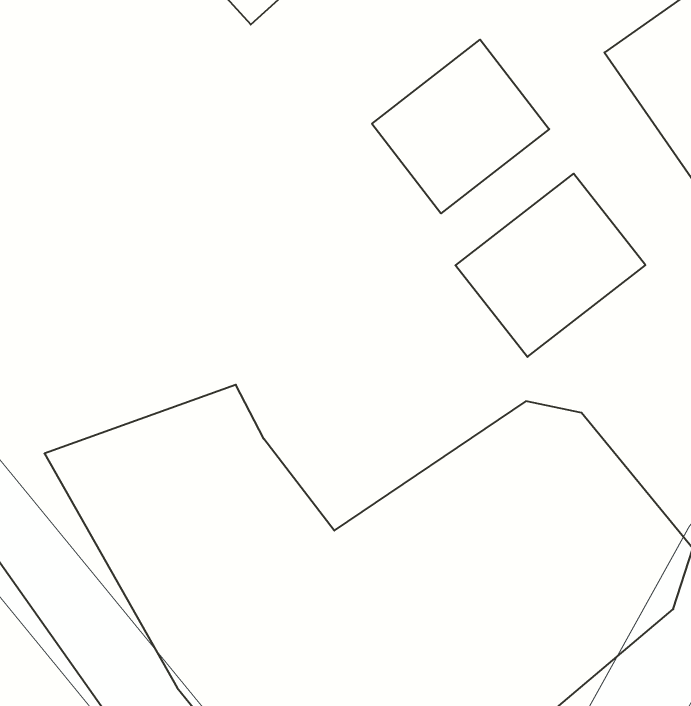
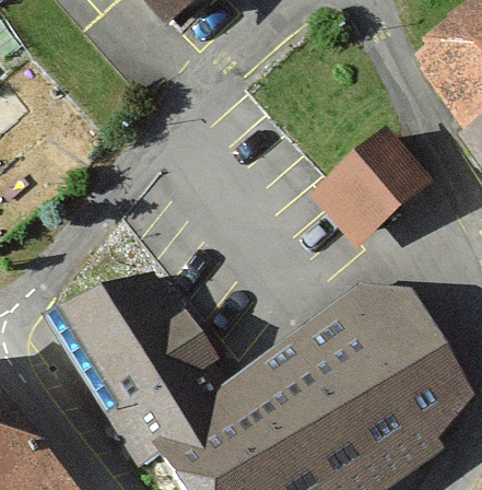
building: [372,40,549,213] -> none

